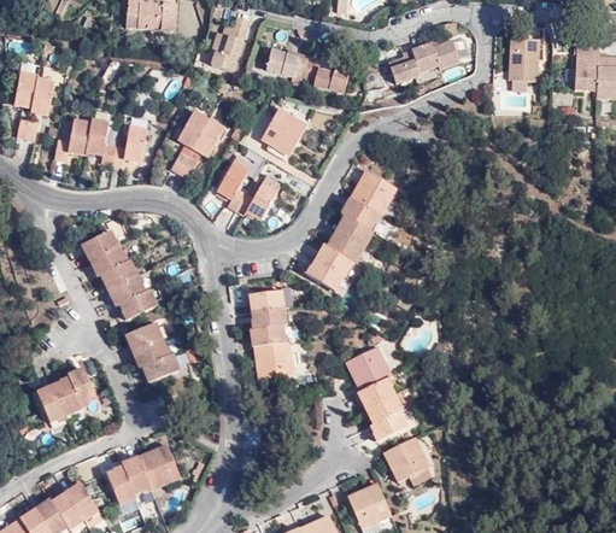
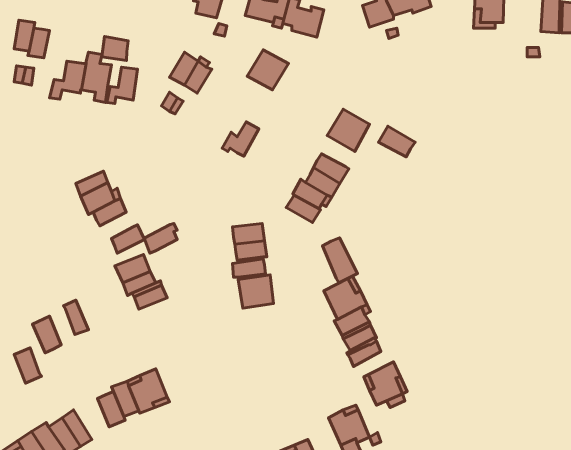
building: none -> [102,37,128,60]
building: [217,160,248,210] -> none
building: [339,197,377,229] -> [379,126,415,157]
building: [108,276,143,308] -> [144,223,177,253]
building: none -> [322,238,358,283]
building: [55,380,84,417] -> [14,348,41,383]

